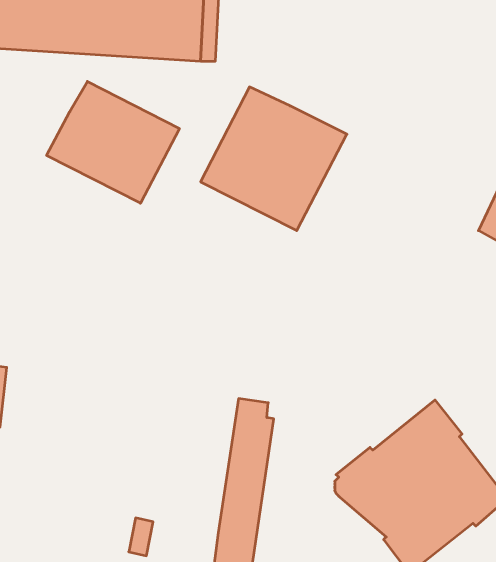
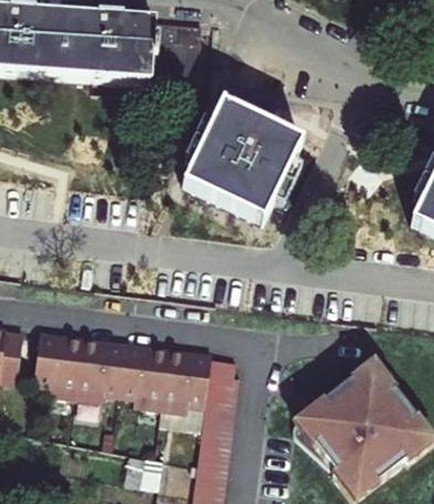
building: [47,81,179,203] -> none
building: none -> [33,333,211,413]

